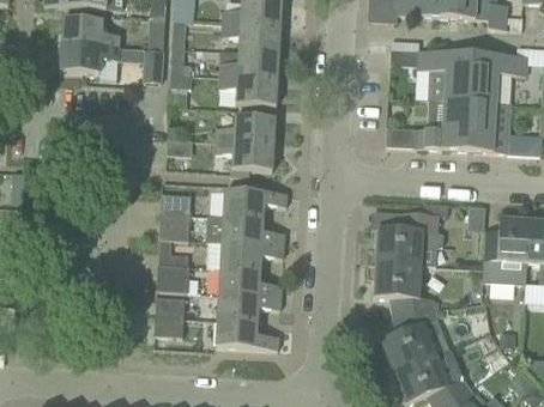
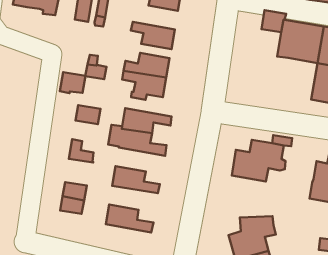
building: [220,51,278,79] -> none
building: [413,98,470,150] -> none
building: [159,214,191,241] -> [60,72,85,93]
building: [220,243,283,271] -> none
building: [373,262,435,316] -> none
building: [157,266,191,292] -> none
building: [218,294,280,322] -> none

